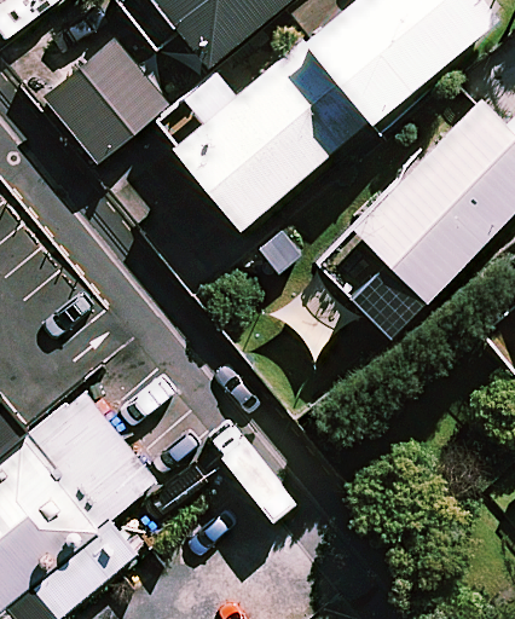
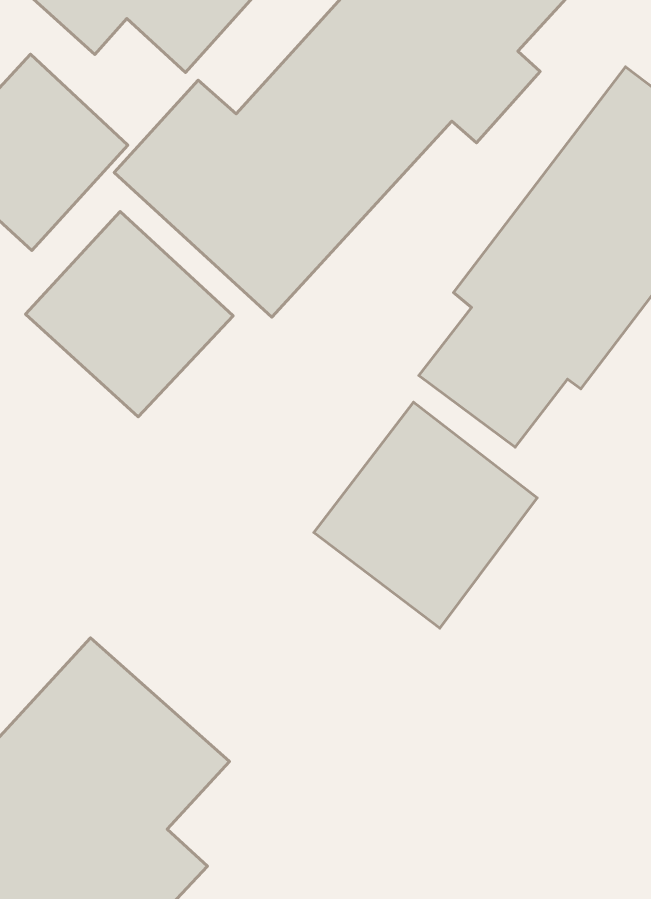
building: none -> [25,211,233,417]
building: none -> [314,402,537,628]

